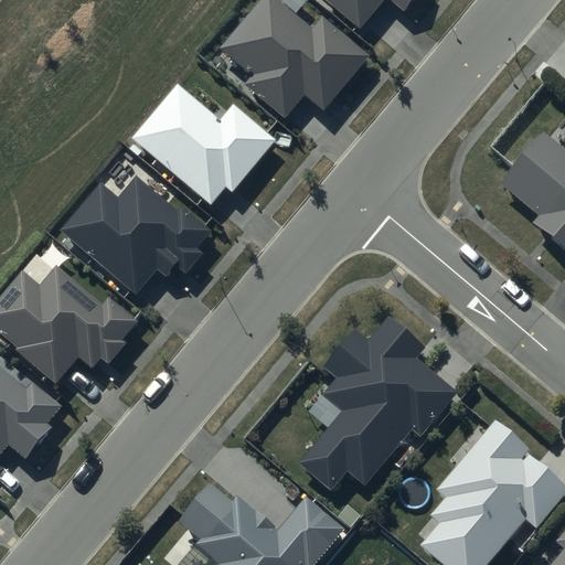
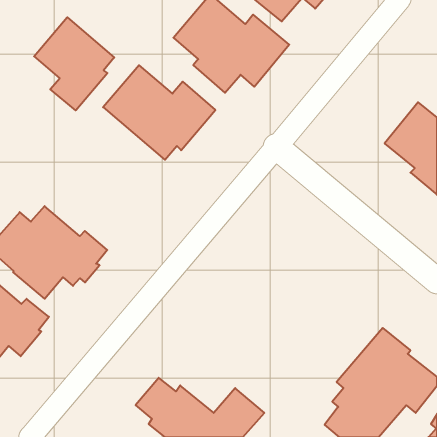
building: none -> [34,17,114,110]
building: [63,178,213,295] -> none
building: [296,318,454,492] -> none

